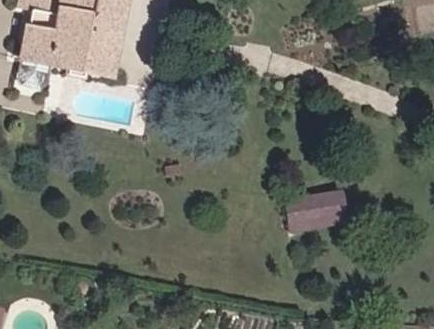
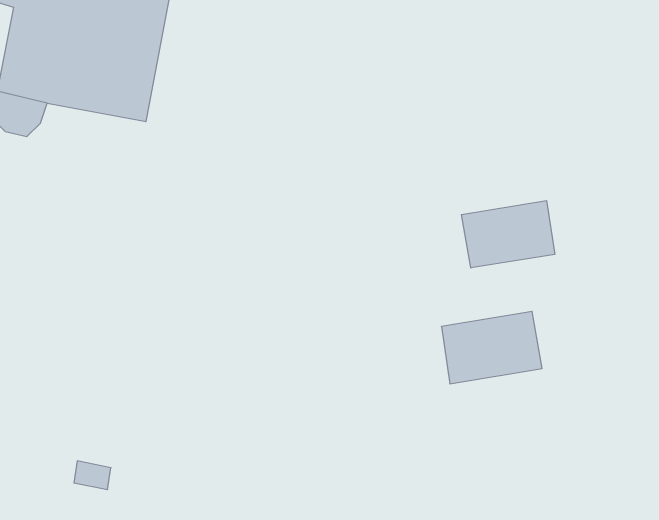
building: none -> [461,201,555,268]

